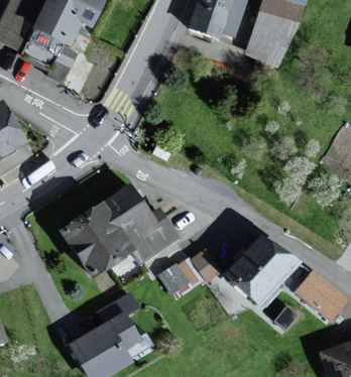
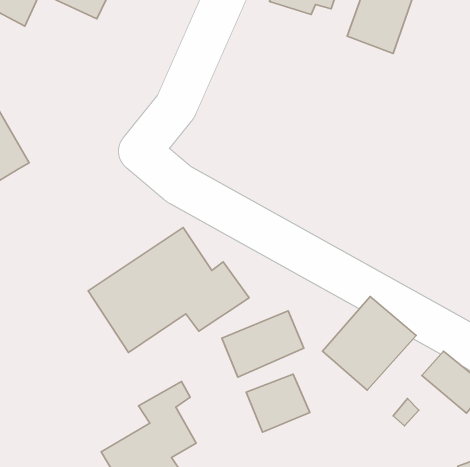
building: none -> [246,374,310,432]

